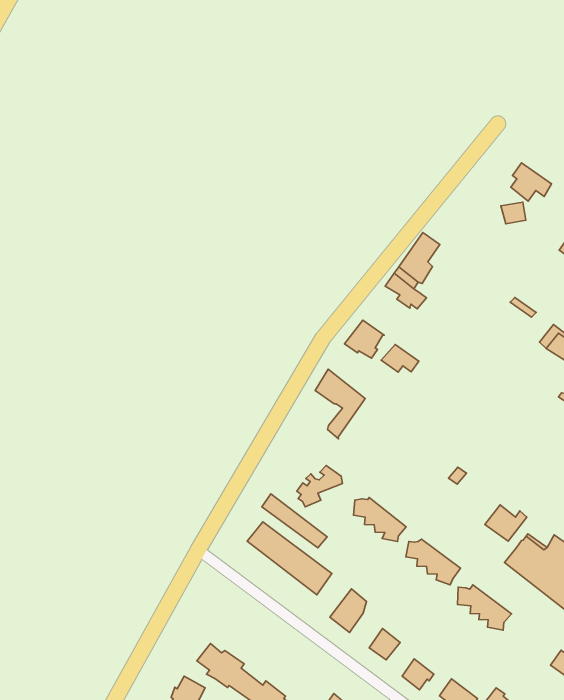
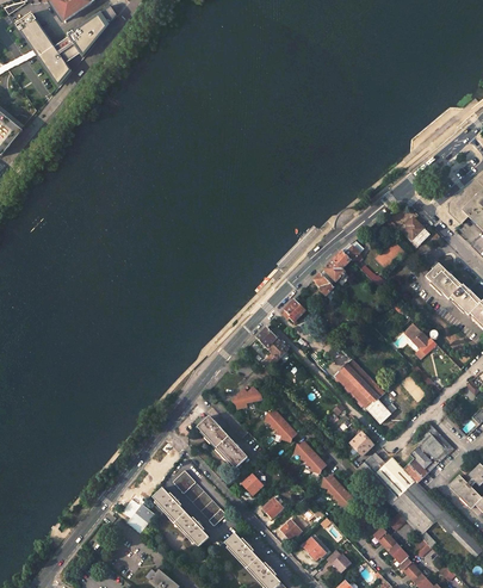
building: none -> [333,358,396,423]
building: none -> [171,470,224,526]

